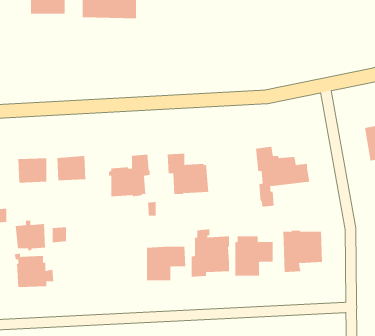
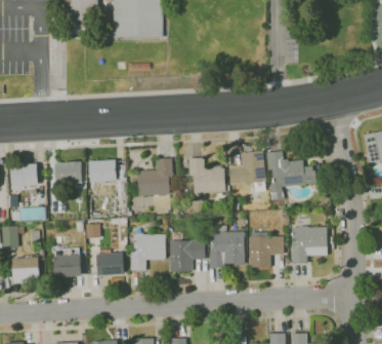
building: none -> [228,150,265,192]
building: [15,220,46,251] -> [95,250,123,277]
building: none -> [130,233,165,271]

